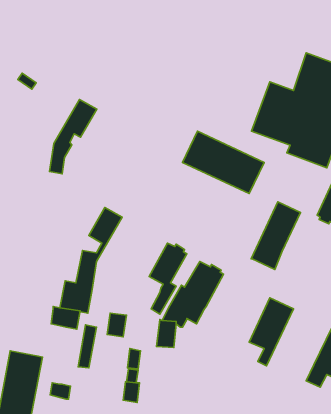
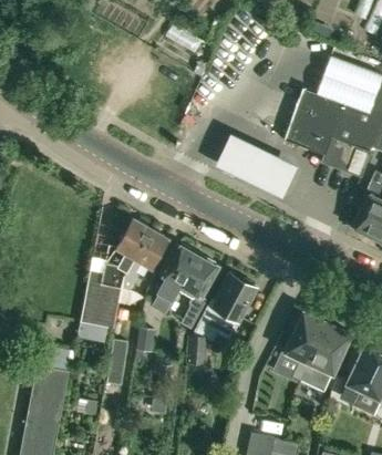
building: [49,100,97,174] -> [120,228,168,304]
building: [251,202,301,269] -> [299,322,350,392]
building: none -> [153,244,197,312]

